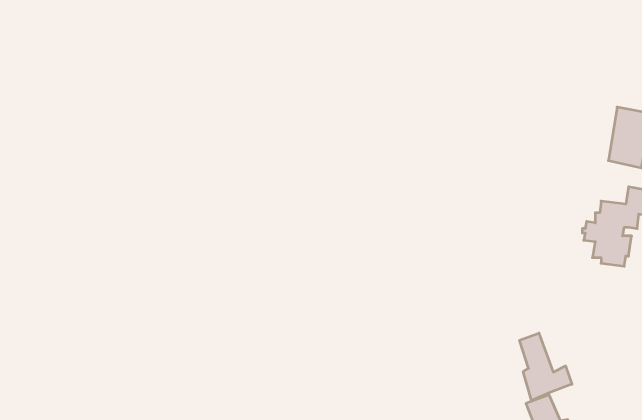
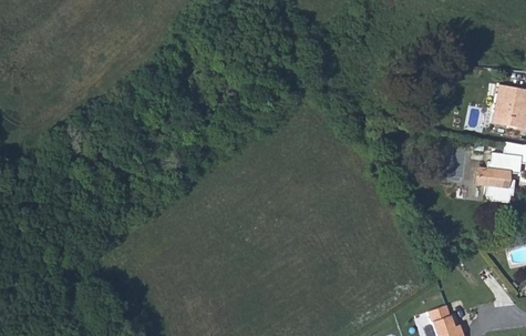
building: [520,333,572,401] -> none

